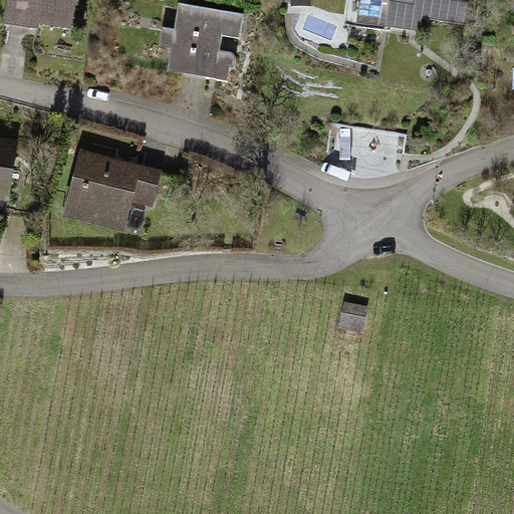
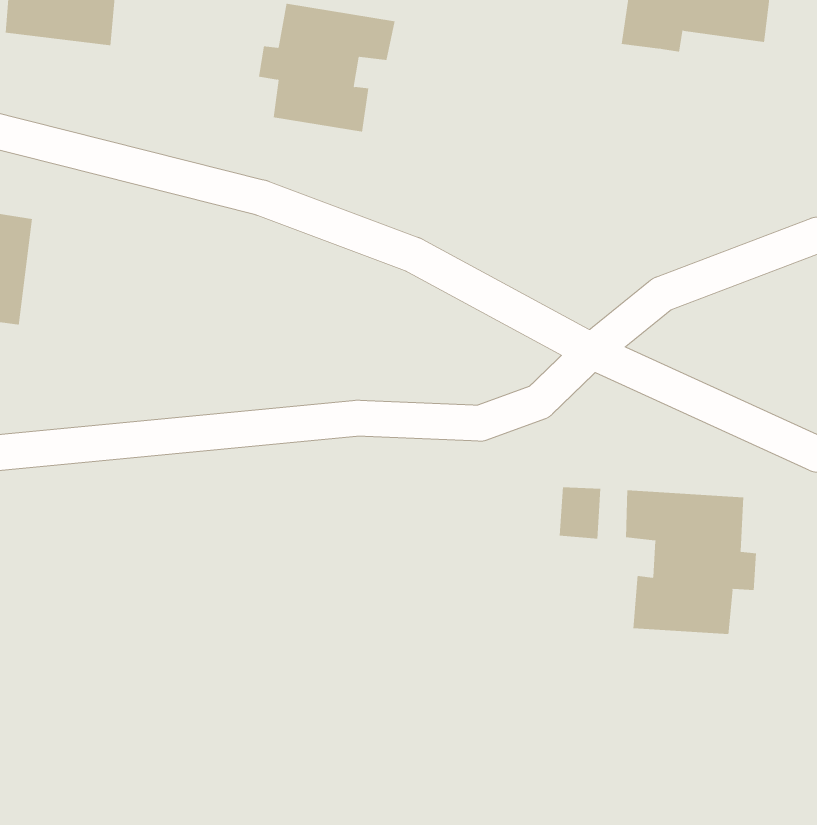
building: [62,147,162,228] -> none
building: none -> [626,489,757,635]

